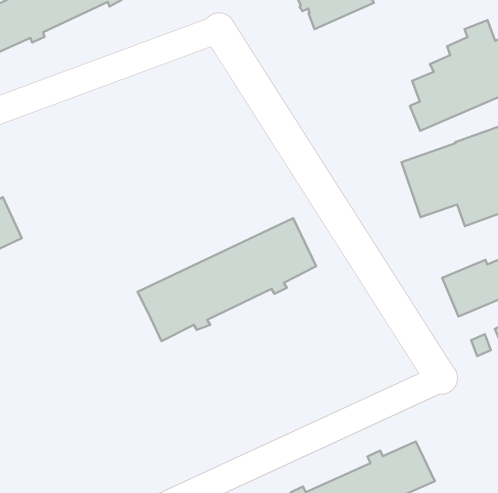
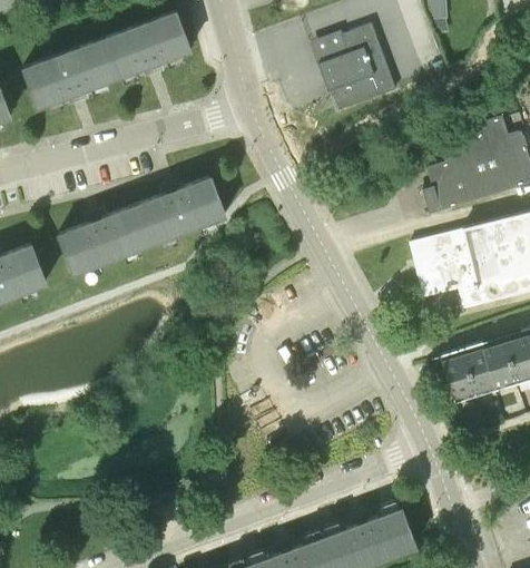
building: none -> [58,178,225,274]
building: [138,218,316,341] -> none

